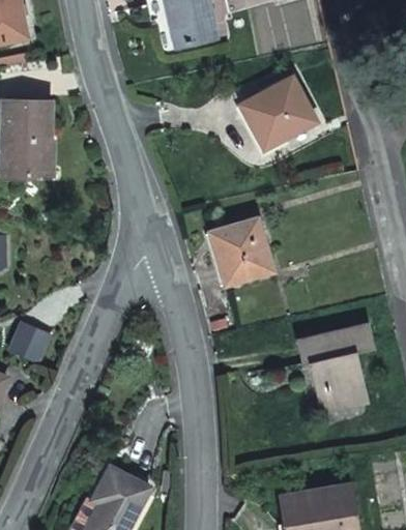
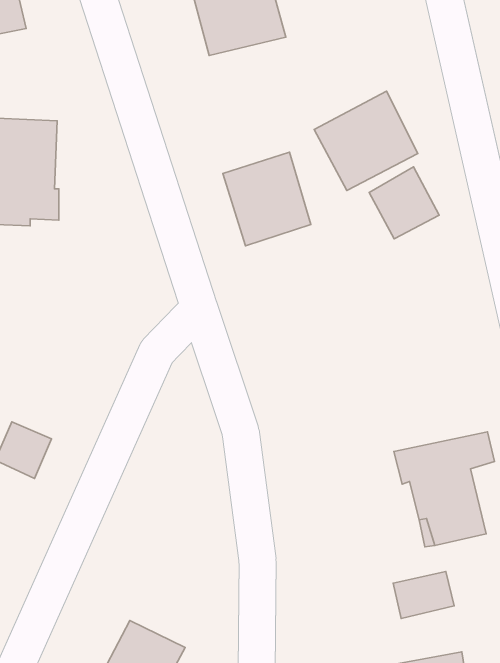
building: none -> [369,167,439,239]
building: [209,220,273,289] -> [223,152,311,246]
building: none -> [393,571,454,619]

